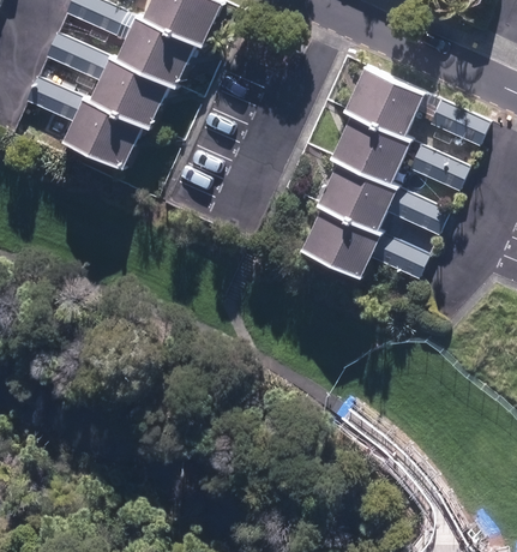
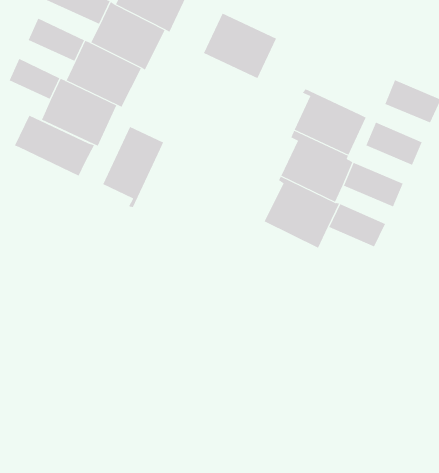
building: [344,65,423,136] -> [203,13,277,79]
building: none -> [14,115,95,176]
building: none -> [103,126,164,208]

